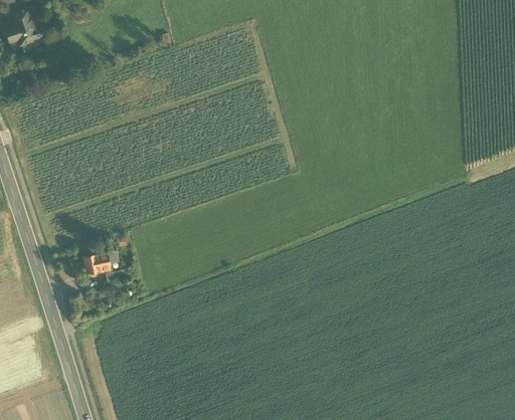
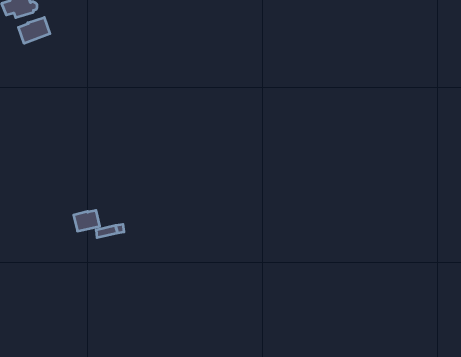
building: none -> [18,17,50,43]

